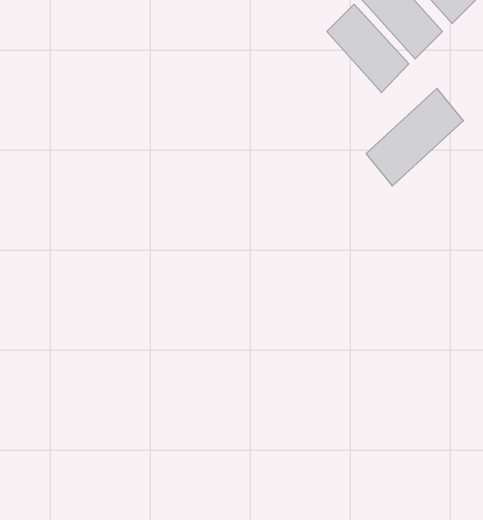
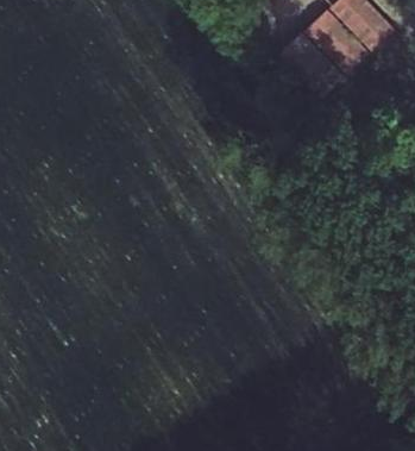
building: [366,88,463,186] -> none

